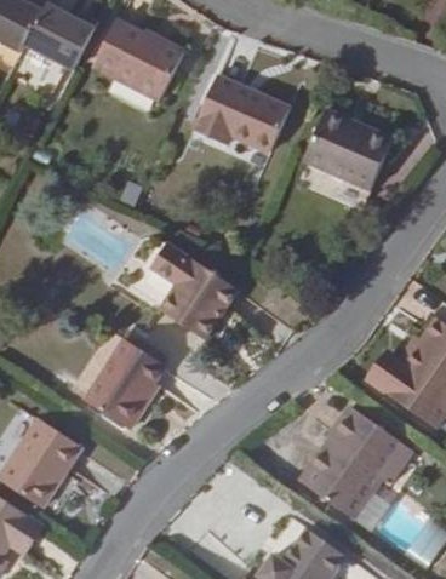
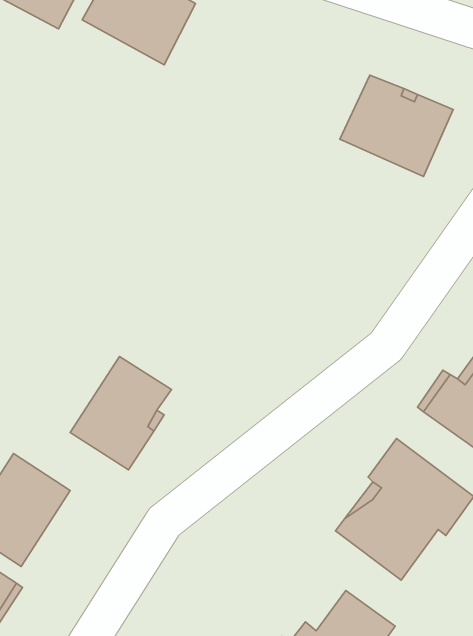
building: [193,76,290,155] -> none
building: [150,240,240,342] -> none

